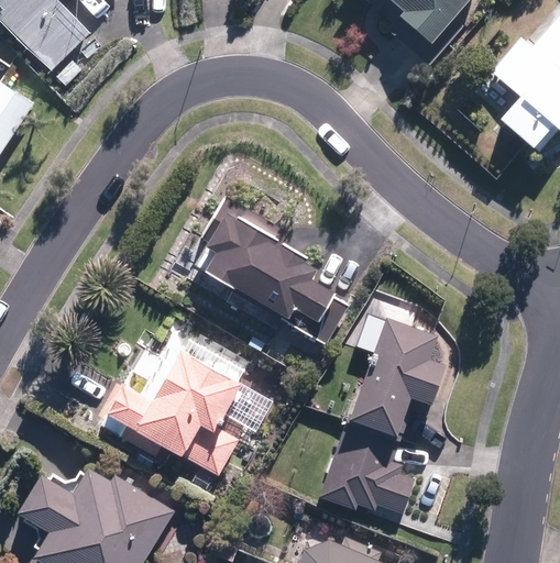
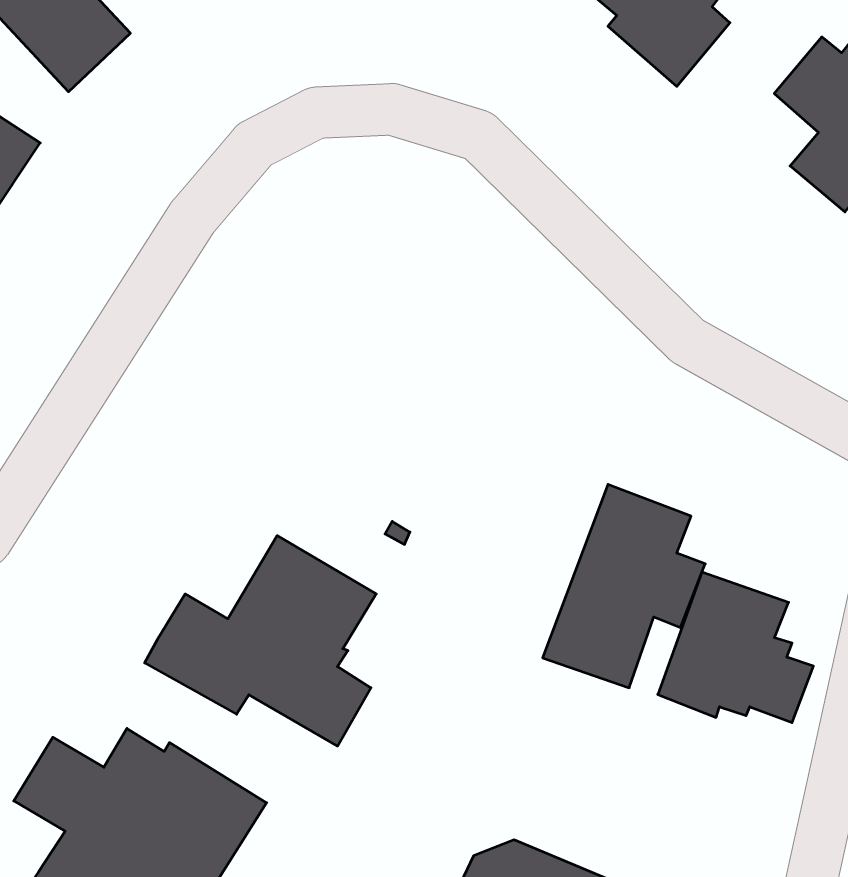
building: [195,196,350,345] -> none
building: [319,422,416,516] -> [658,572,813,723]

